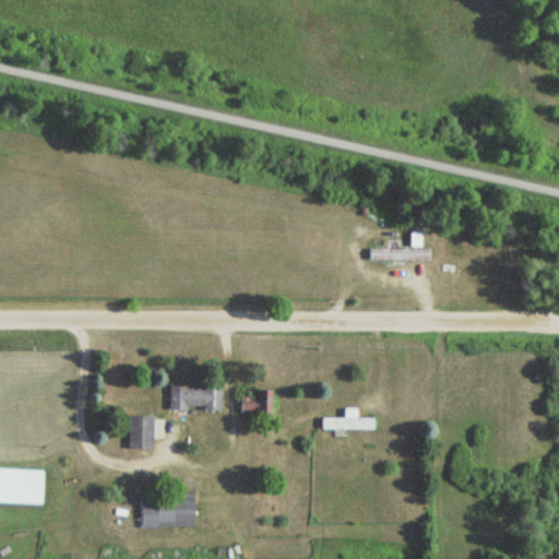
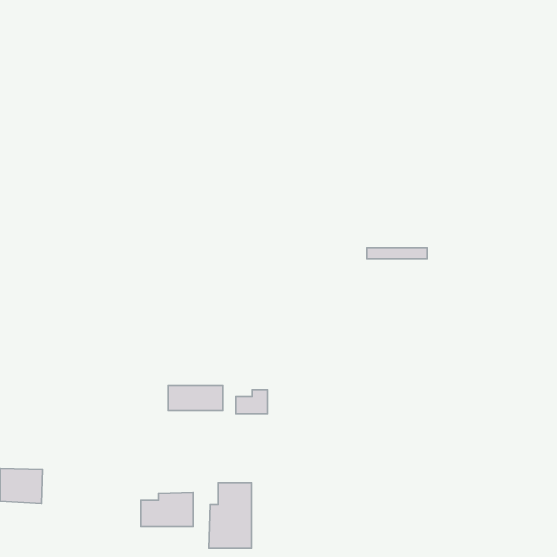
building: [321,409,373,430] -> none
building: [128,416,155,448] -> none
building: none -> [209,483,251,548]

